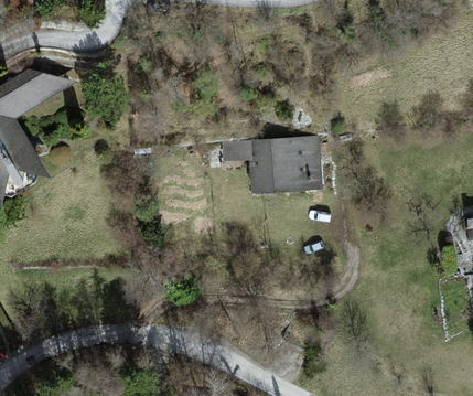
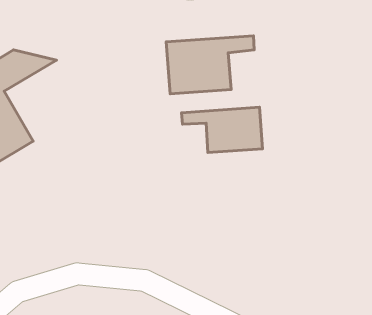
building: none -> [166,36,254,94]

